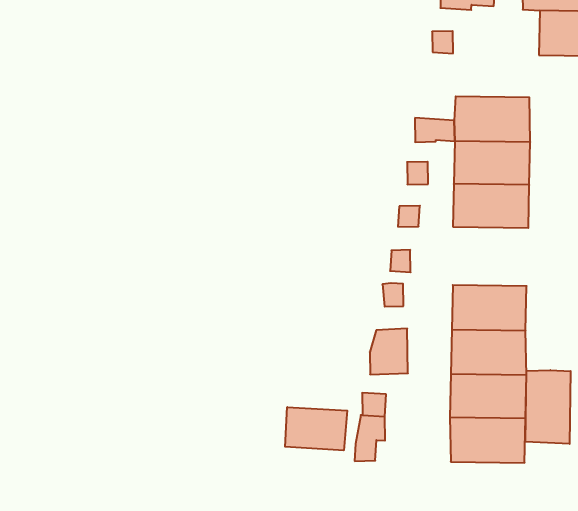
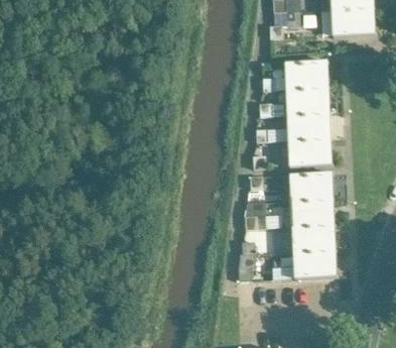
building: none -> [287,138,333,166]
building: [525,370,571,444] -> none
building: [285,407,347,450] -> none

